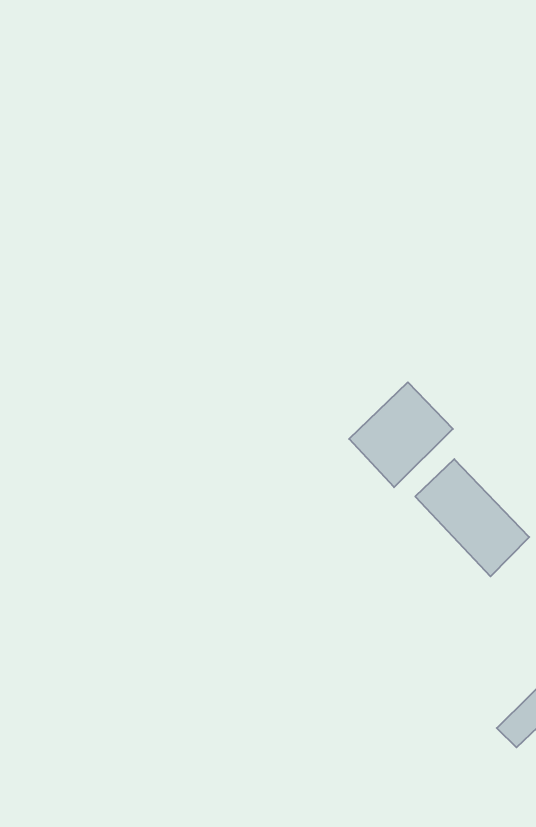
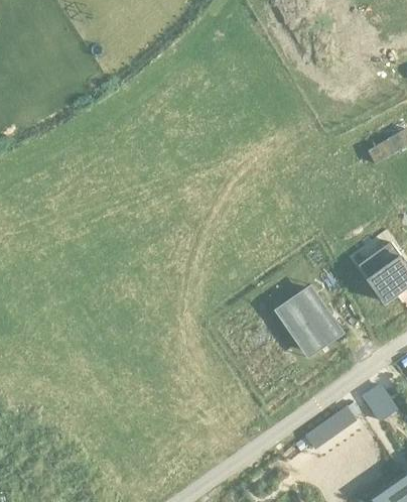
building: [349,382,453,487] -> none

